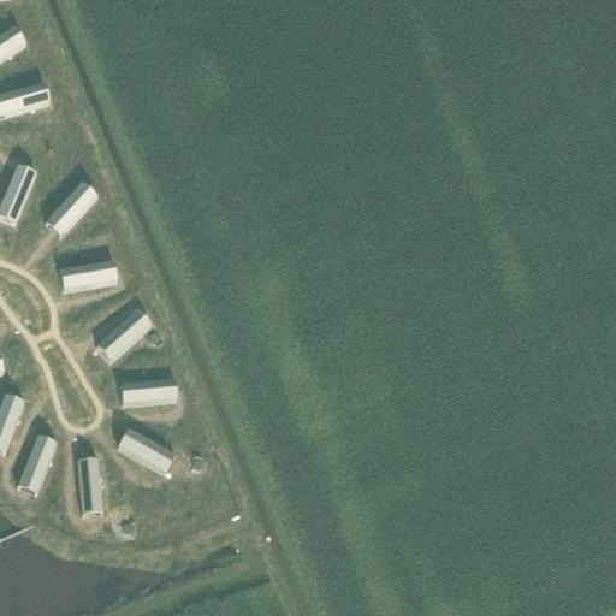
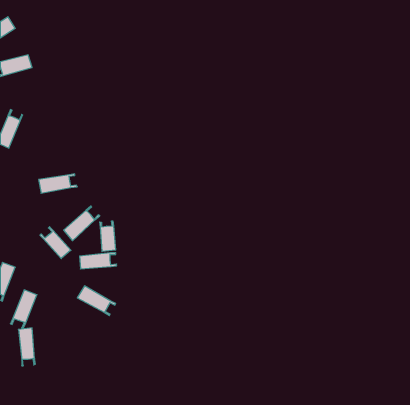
building: [45,182,96,236] -> none
building: none -> [100,221,116,252]
building: none -> [40,227,71,259]
building: [77,456,102,513] -> [18,328,35,366]

